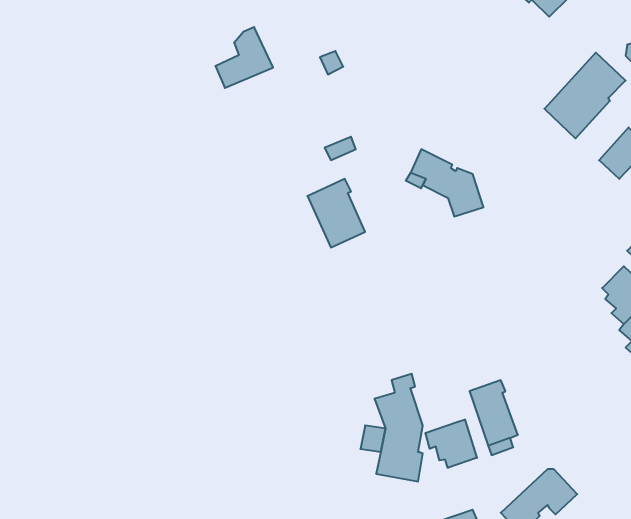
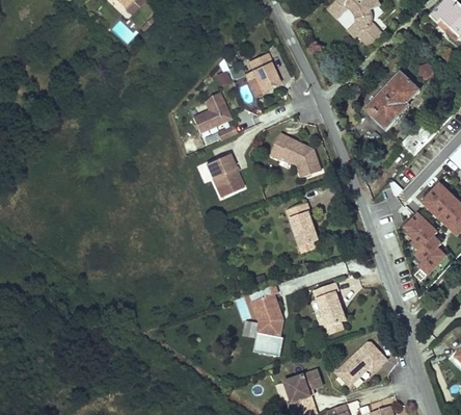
building: [215,27,273,88] -> [194,93,233,133]
building: none -> [251,53,282,94]
building: none -> [286,201,318,253]
building: [425,419,477,468] -> none

